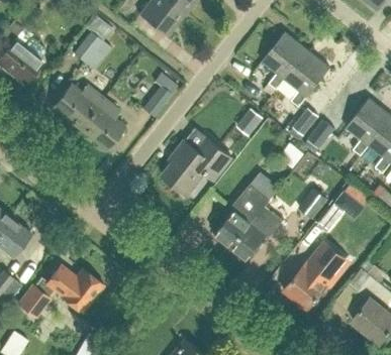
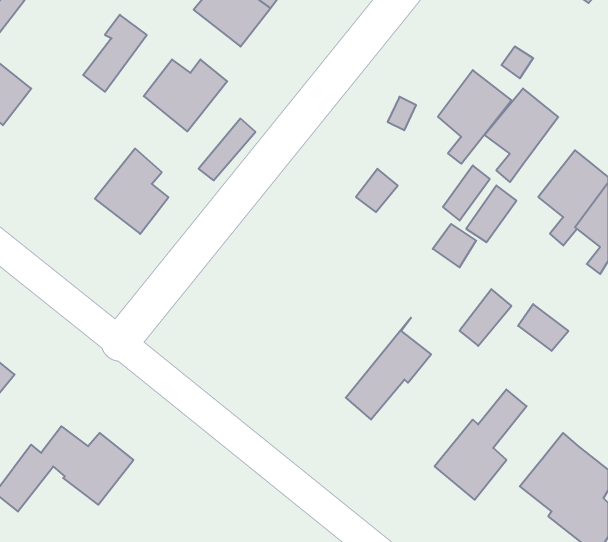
building: [264,32,308,89] -> [485,88,558,182]
building: [54,84,104,127] -> [144,59,227,131]
building: [164,137,232,195] -> none
building: [215,184,271,247] -> none

